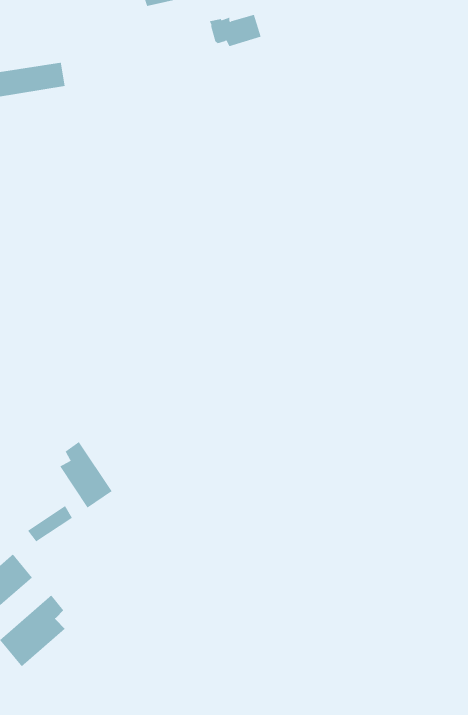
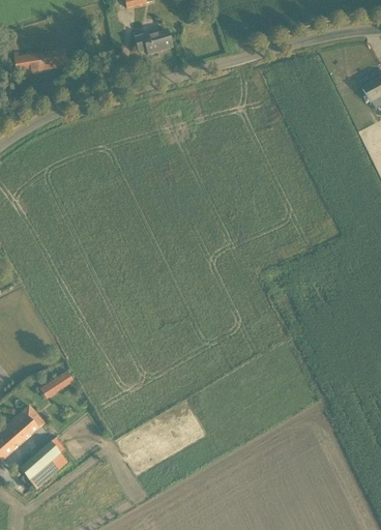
building: [209,14,262,47] -> [134,30,172,54]
building: [60,441,112,509] -> none

